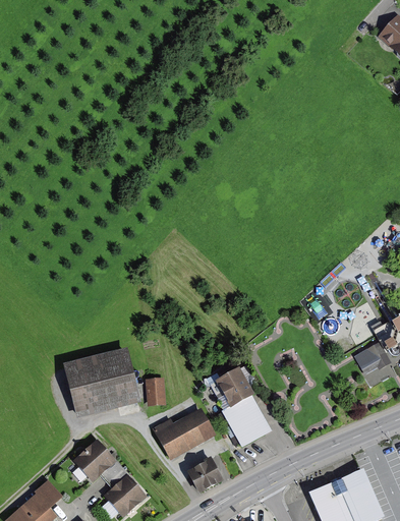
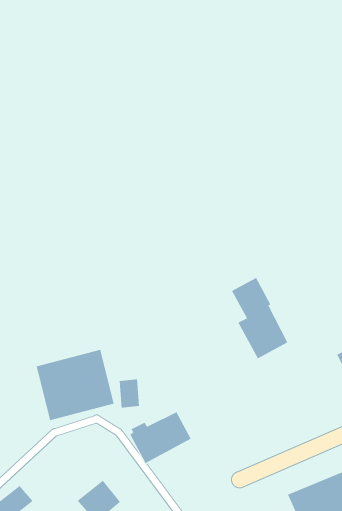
building: [216,368,271,448] -> [231,277,288,359]
building: [75,440,116,480] -> none
building: [187,459,222,494] -> none

